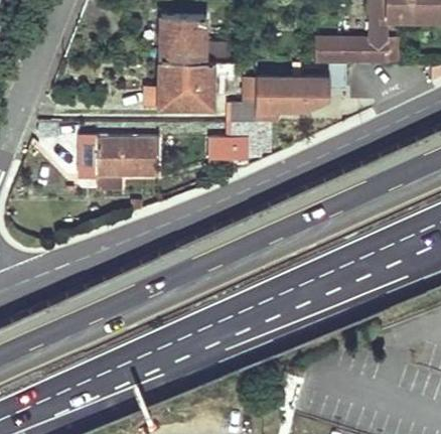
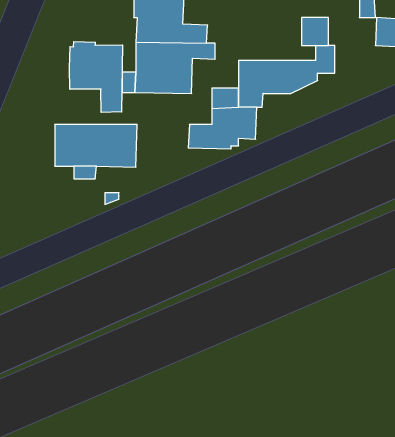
building: [338,36,384,62] -> none
building: none -> [69,42,122,112]

